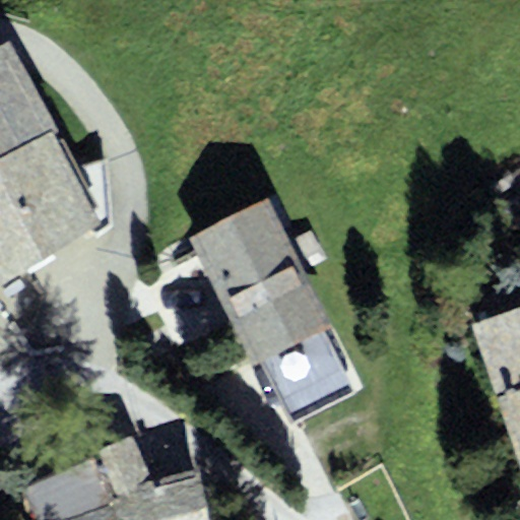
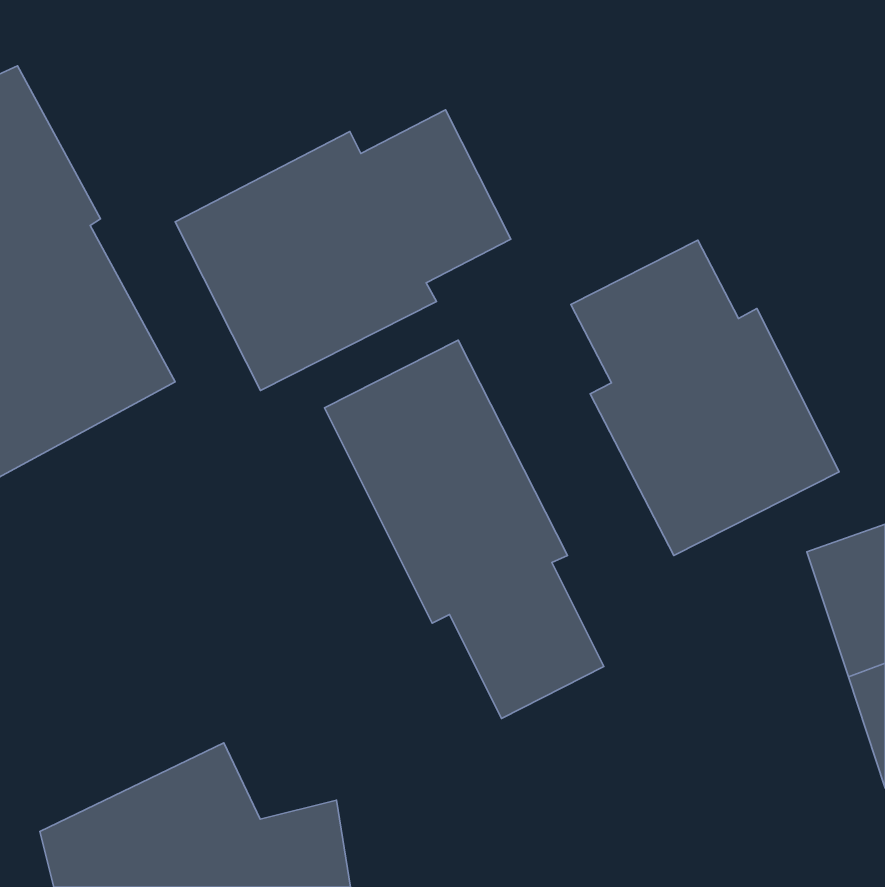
building: none -> [175,110,511,390]
building: none -> [571,240,839,556]

